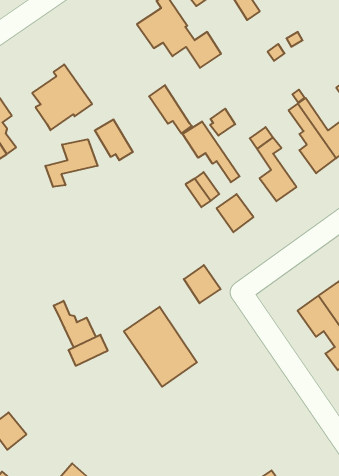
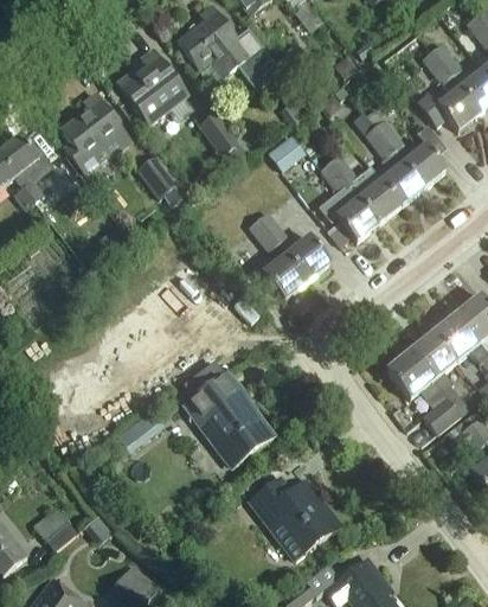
building: none -> [120,49,187,124]
building: [182,121,240,182] -> none
building: [45,139,98,187] -> none
building: none -> [347,178,399,223]
building: [184,265,221,303] -> [262,253,306,298]
building: [54,301,96,347] -> none
building: none -> [249,475,340,558]

